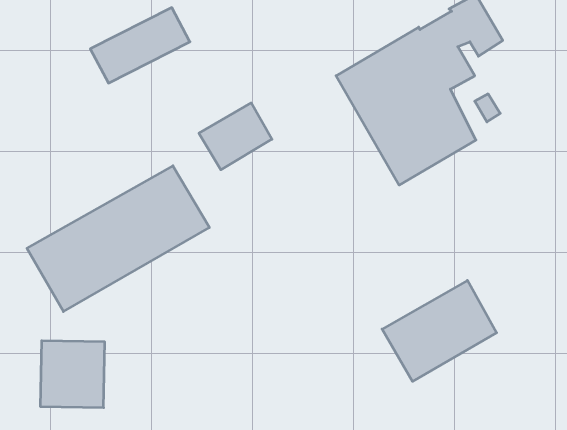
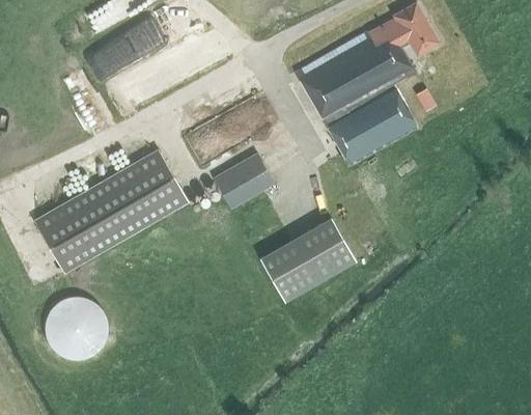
building: [199,103,272,170] -> [213,153,275,210]
building: [382,280,497,381] -> [258,217,356,303]

